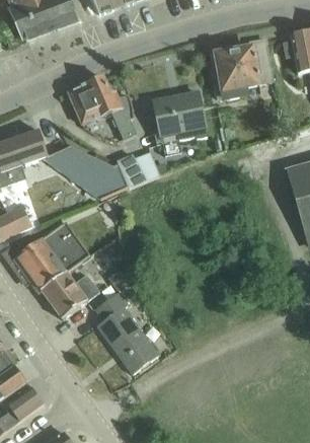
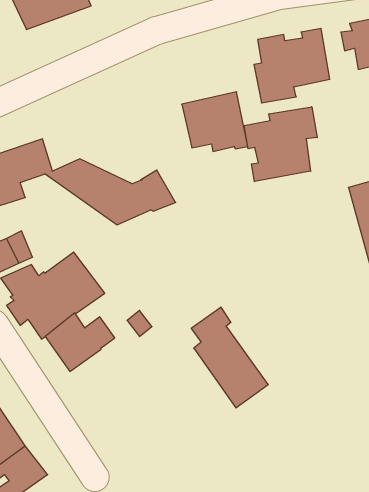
building: [67,76,136,139] -> none
building: none -> [244,107,317,182]
building: [94,292,157,374] -> [191,307,268,408]

